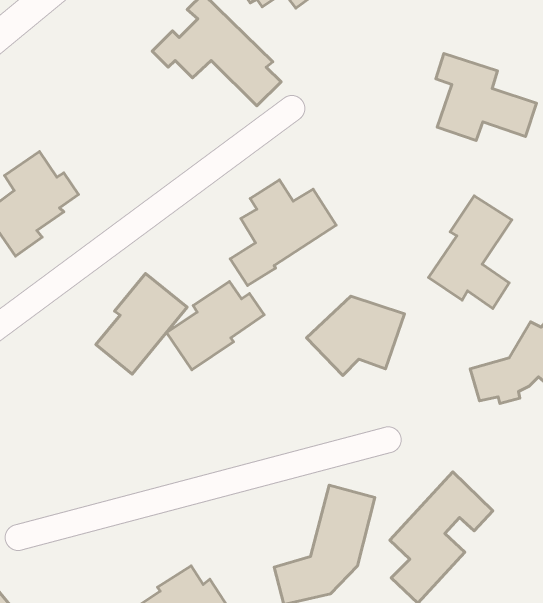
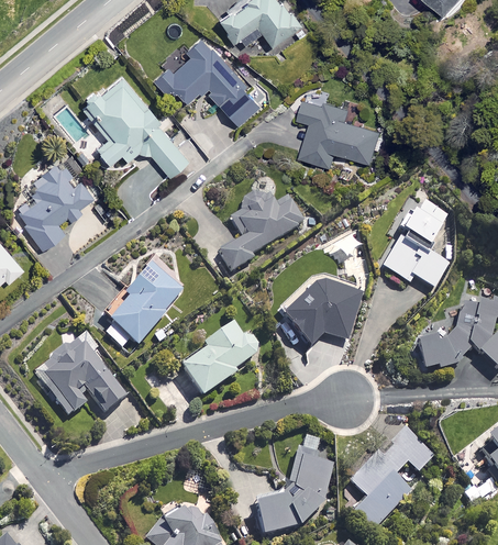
building: none -> [81,70,189,177]
building: [436,54,536,141] -> [298,96,380,167]
building: [166,281,264,370] -> [179,323,259,396]
building: none -> [34,337,126,415]

